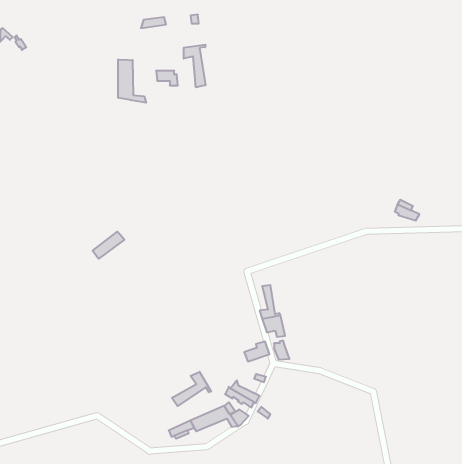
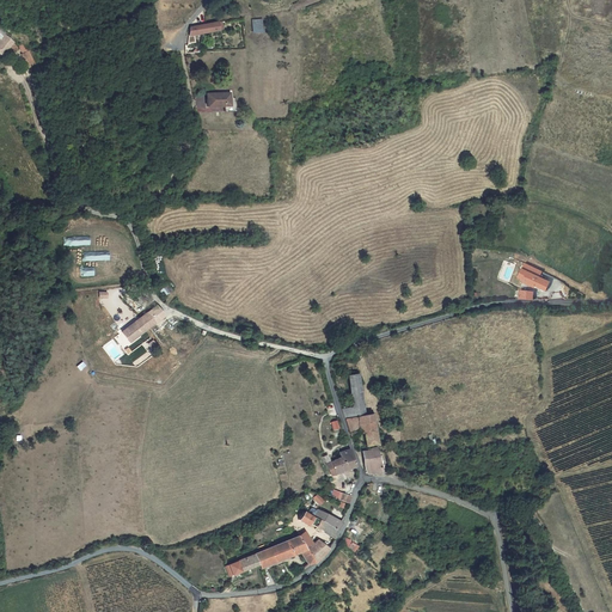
building: [184,45,205,87] -> none
building: [118,59,146,103] -> none
building: [172,372,211,406] -> none

